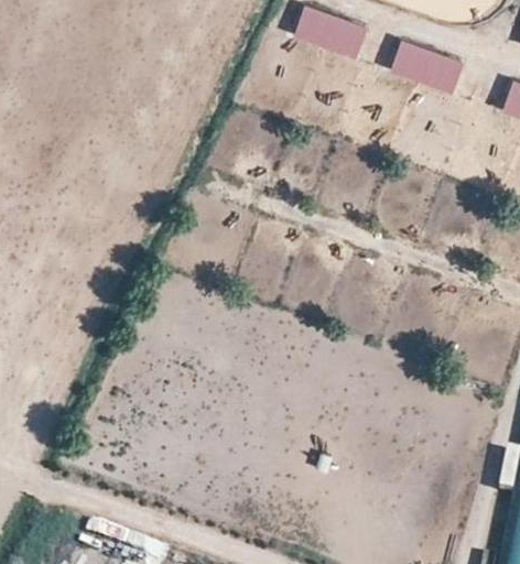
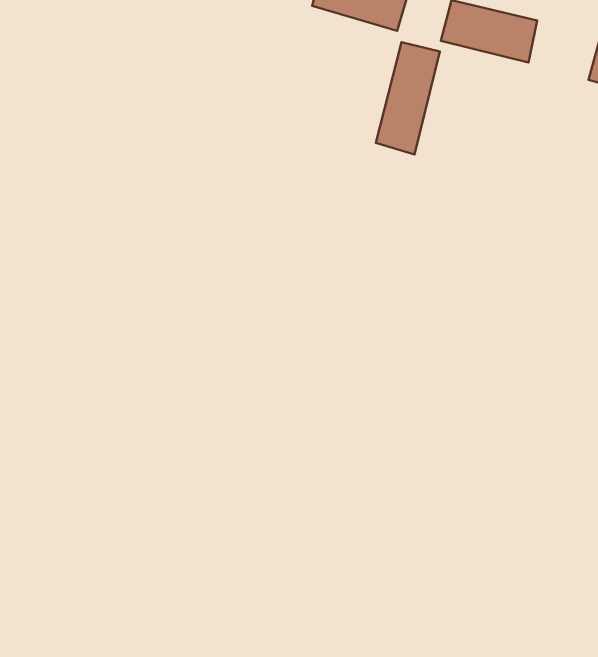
building: none -> [376,42,440,154]

